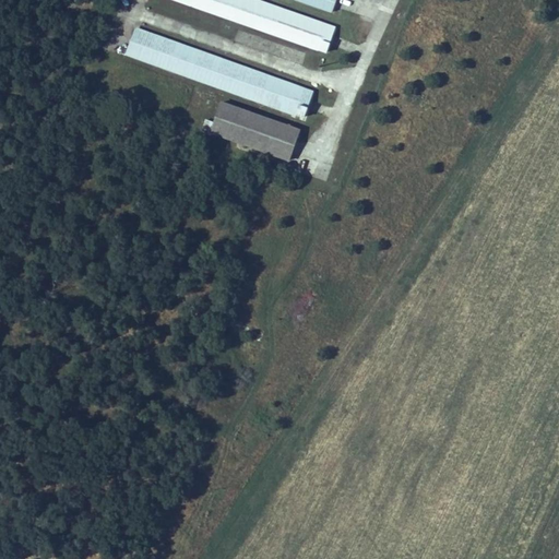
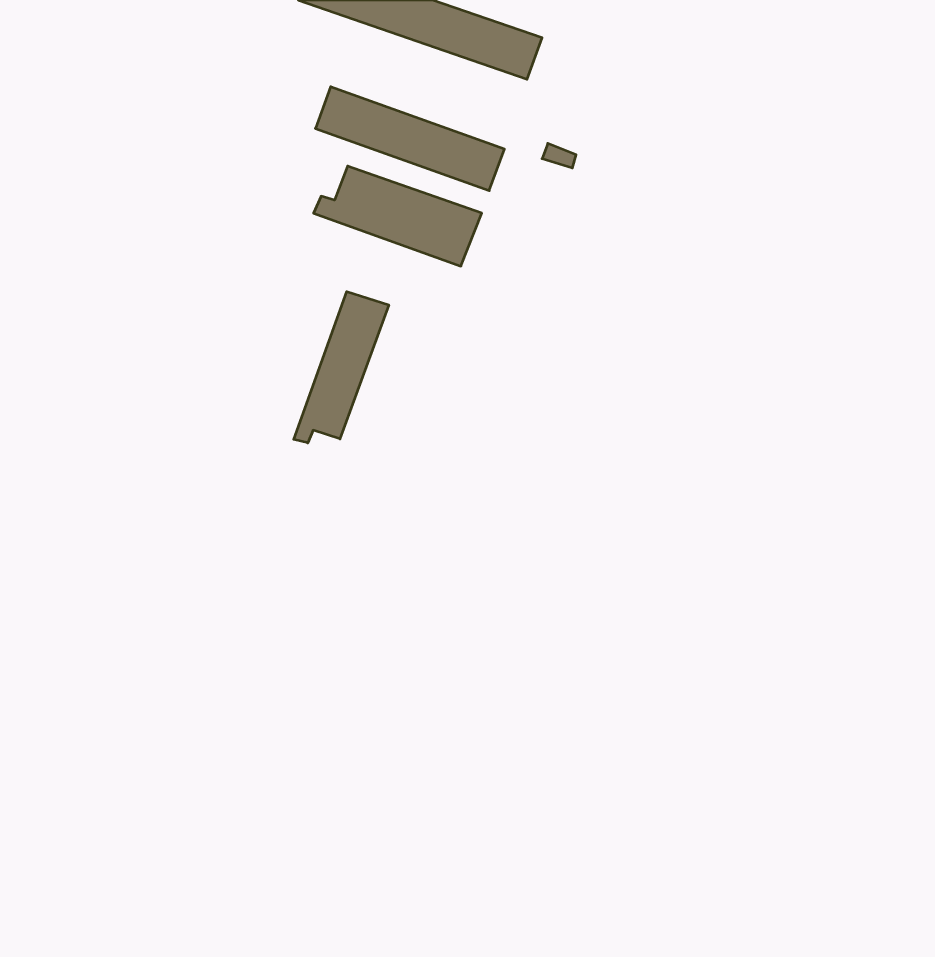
building: [122,26,209,79] -> none
building: none -> [294,292,389,443]

